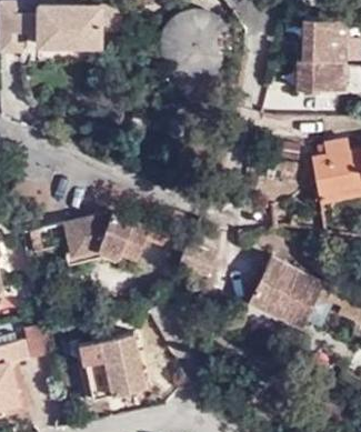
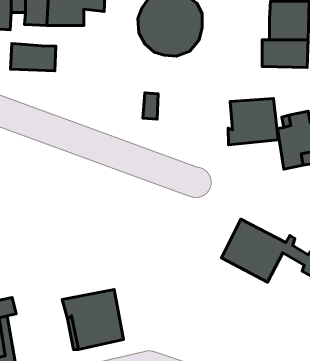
building: none -> [11,43,56,71]
building: none -> [228,98,278,145]
building: [62,212,149,261] -> none

